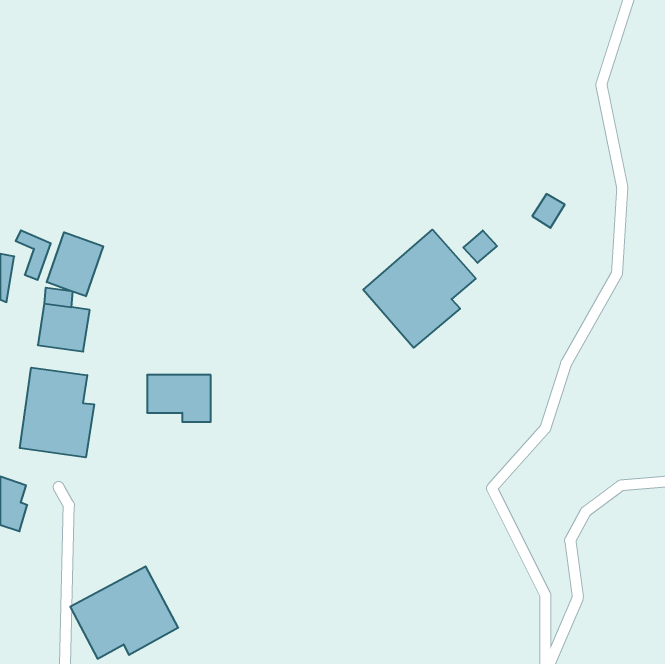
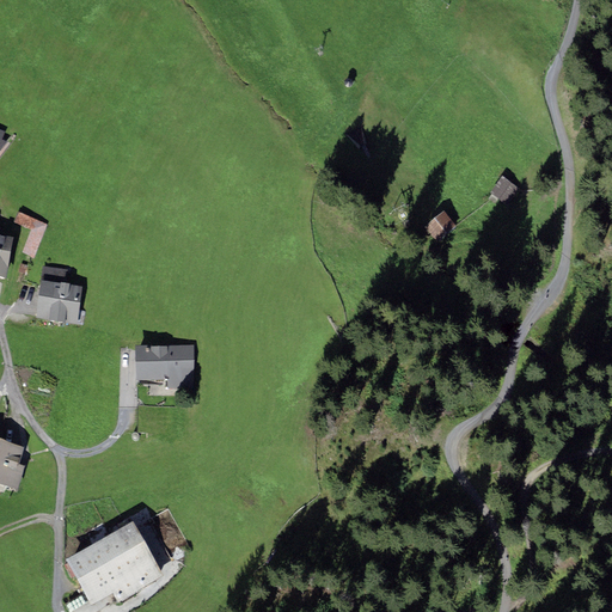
building: [363,230,476,348] -> none
building: [47,232,103,296] -> none
building: [20,368,94,457] -> none

